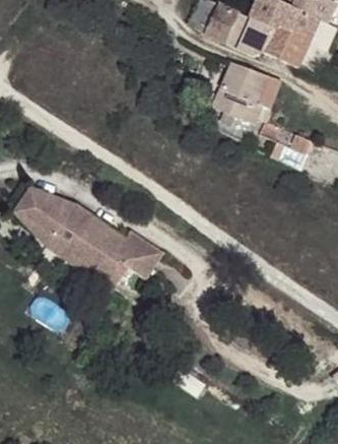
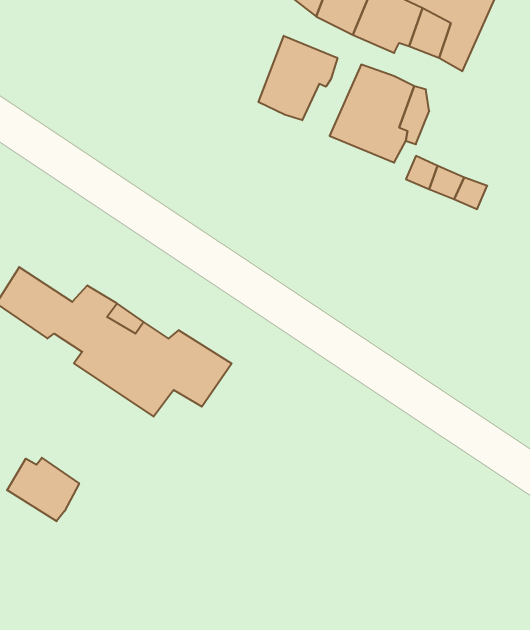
building: none -> [258,36,337,120]
building: none -> [7,458,79,521]

